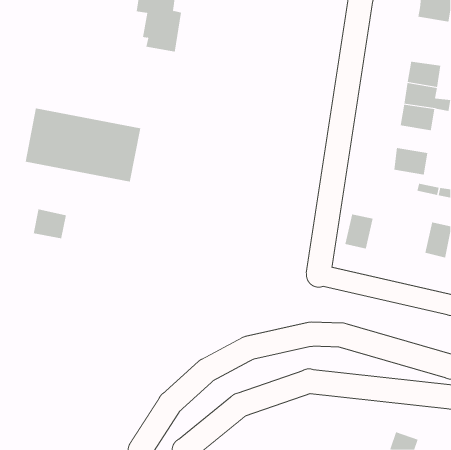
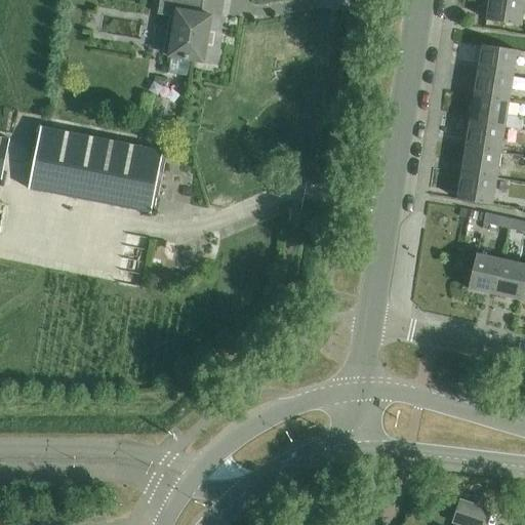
building: none -> [477,44,517,76]
building: none -> [460,146,501,177]
building: [33,208,66,239] -> none
building: [344,214,374,249] -> [468,252,501,293]

